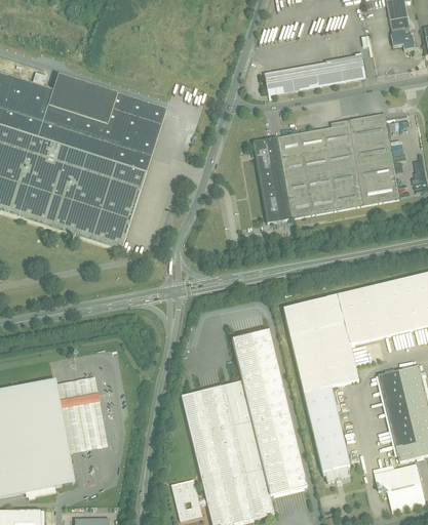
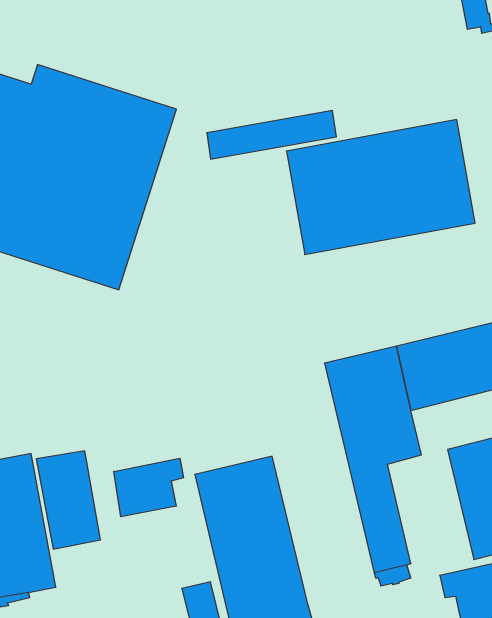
building: [264,55,365,93] -> [207,111,336,159]
building: [231,328,306,494] -> none
building: none -> [114,458,184,517]

